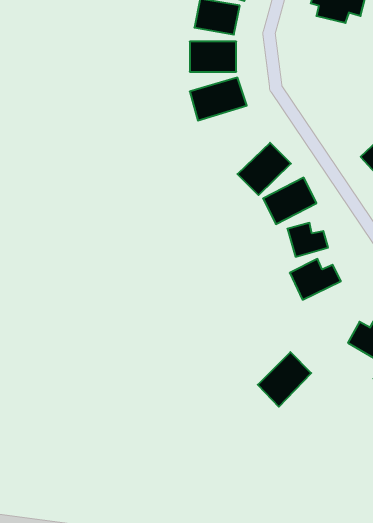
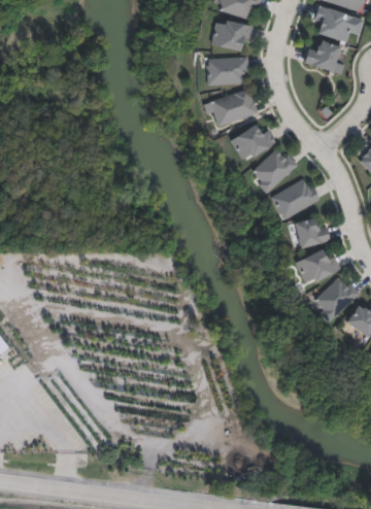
building: none -> [304,40,344,73]
building: none -> [231,126,275,161]
building: [258,352,311,407] -> [312,274,360,323]

